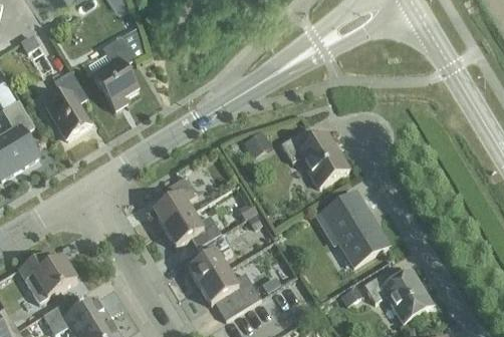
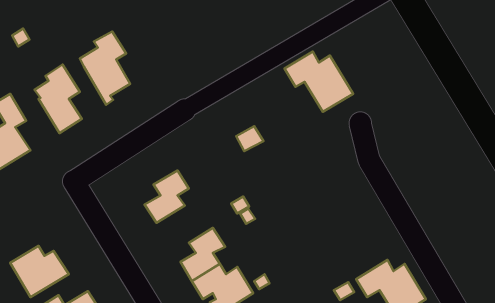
building: [280,127,348,188] -> [284,52,353,112]
building: [316,193,388,266] -> none
building: [164,212,220,249] -> none

